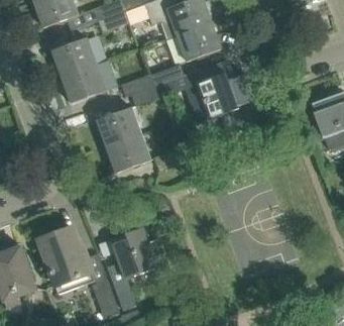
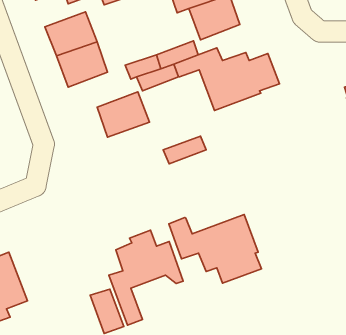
building: [105,133,150,173] -> none
building: none -> [169,214,261,283]
building: [38,227,94,287] -> none

